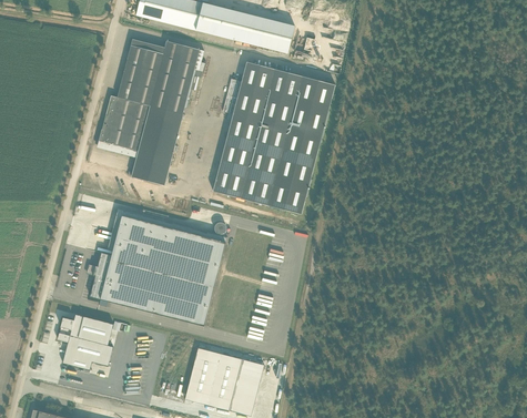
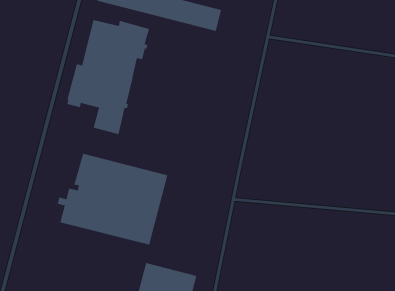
building: [213,62,334,213] -> none
building: [58,314,114,370] -> none

